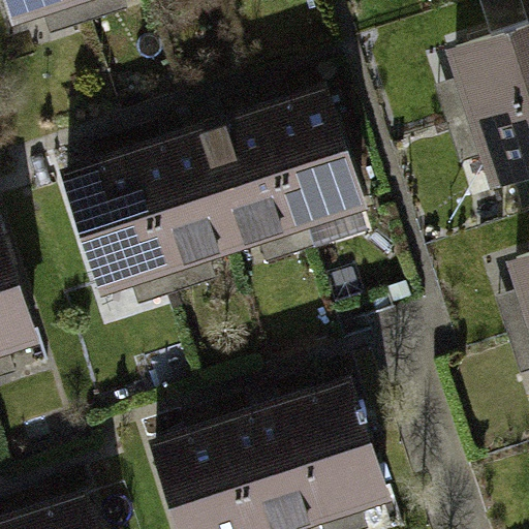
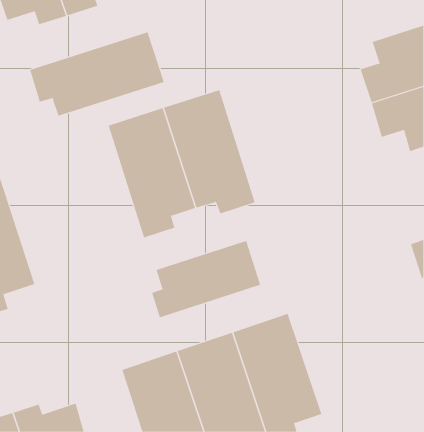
building: none -> [29,31,164,116]
building: [266,87,373,245] -> none
building: [62,152,174,300] -> none
building: none -> [151,240,261,318]

